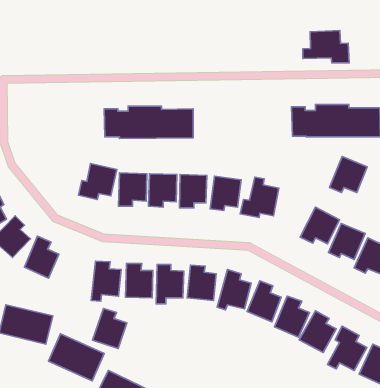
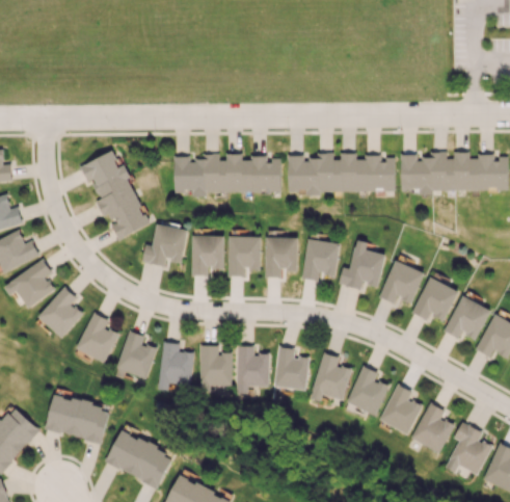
building: [303,31,349,63] -> none
building: none -> [81,150,149,239]
building: none -> [288,153,396,195]
building: [329,157,367,192] -> [379,260,425,303]
building: [92,308,127,349] -> [116,331,158,379]

